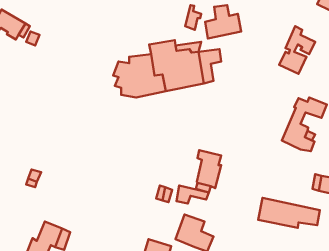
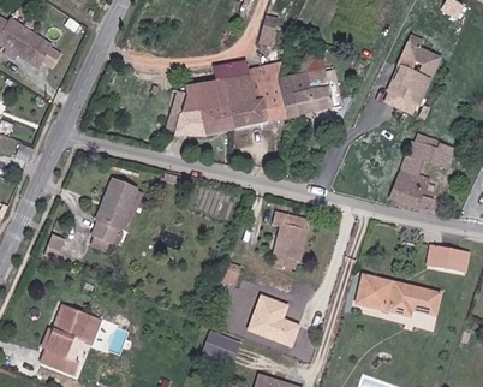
building: [205,5,241,39] -> [294,69,344,114]
building: none -> [90,179,139,249]
building: [176,185,209,204] -> none

